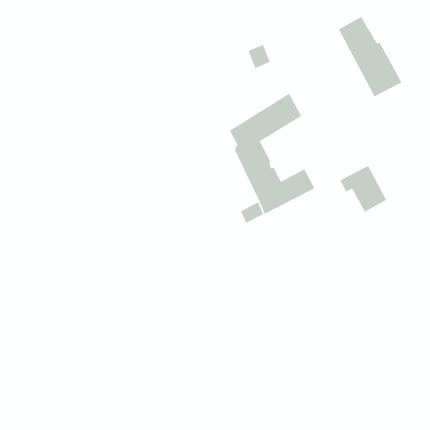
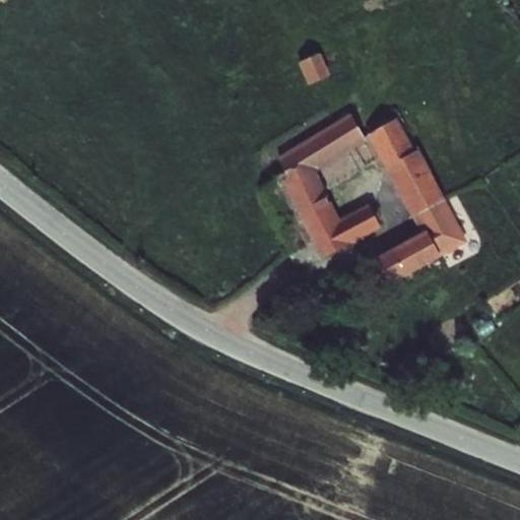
building: [338,16,403,97] -> [368,118,446,216]
building: none -> [374,229,440,284]

